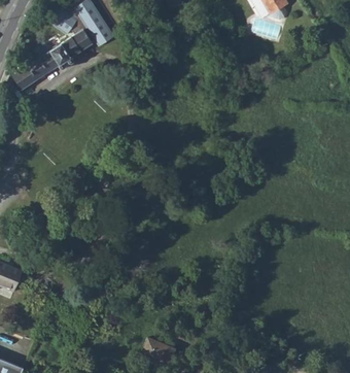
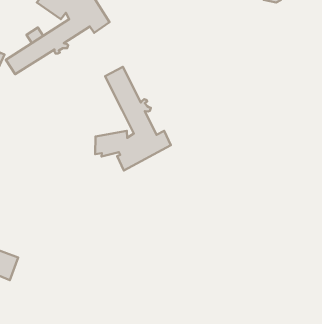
building: none -> [95,67,171,171]

